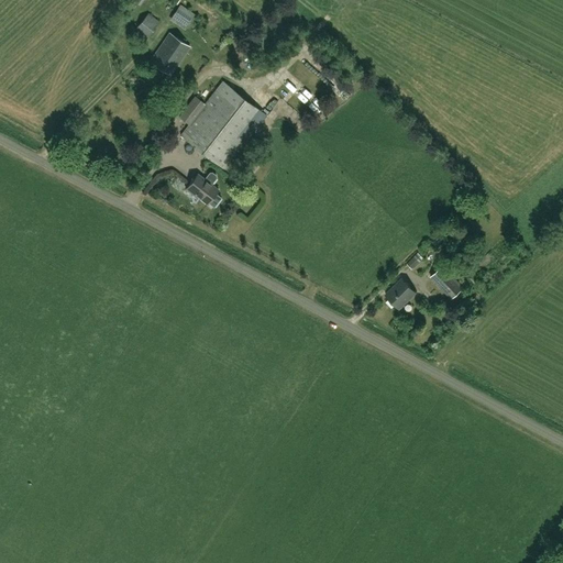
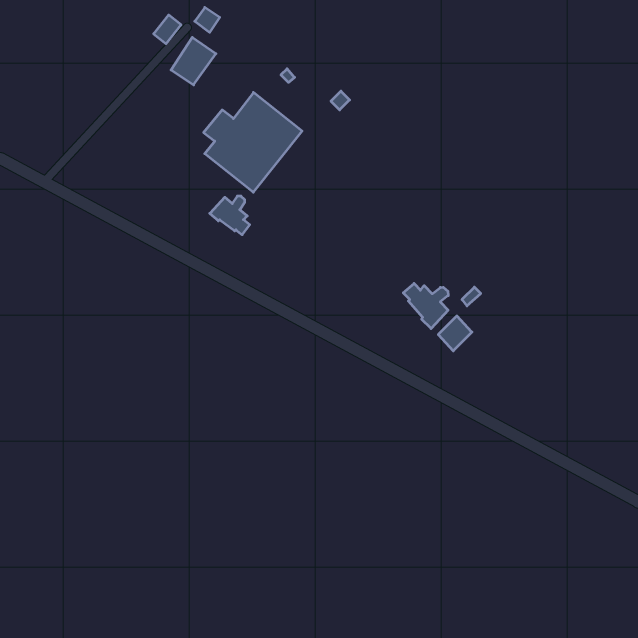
building: none -> [403,283,448,329]
building: [430,265,463,298] -> none

